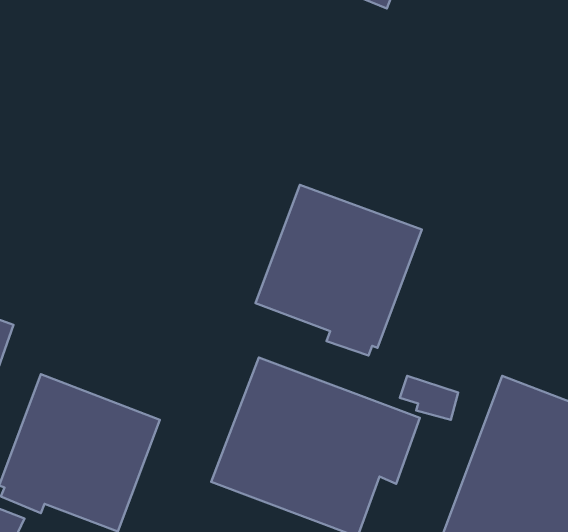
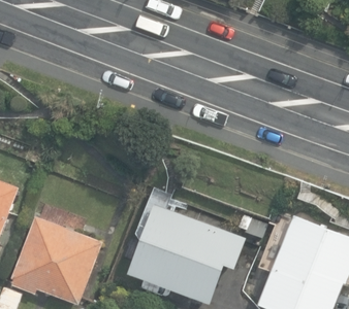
building: [255,185,422,356] -> none

